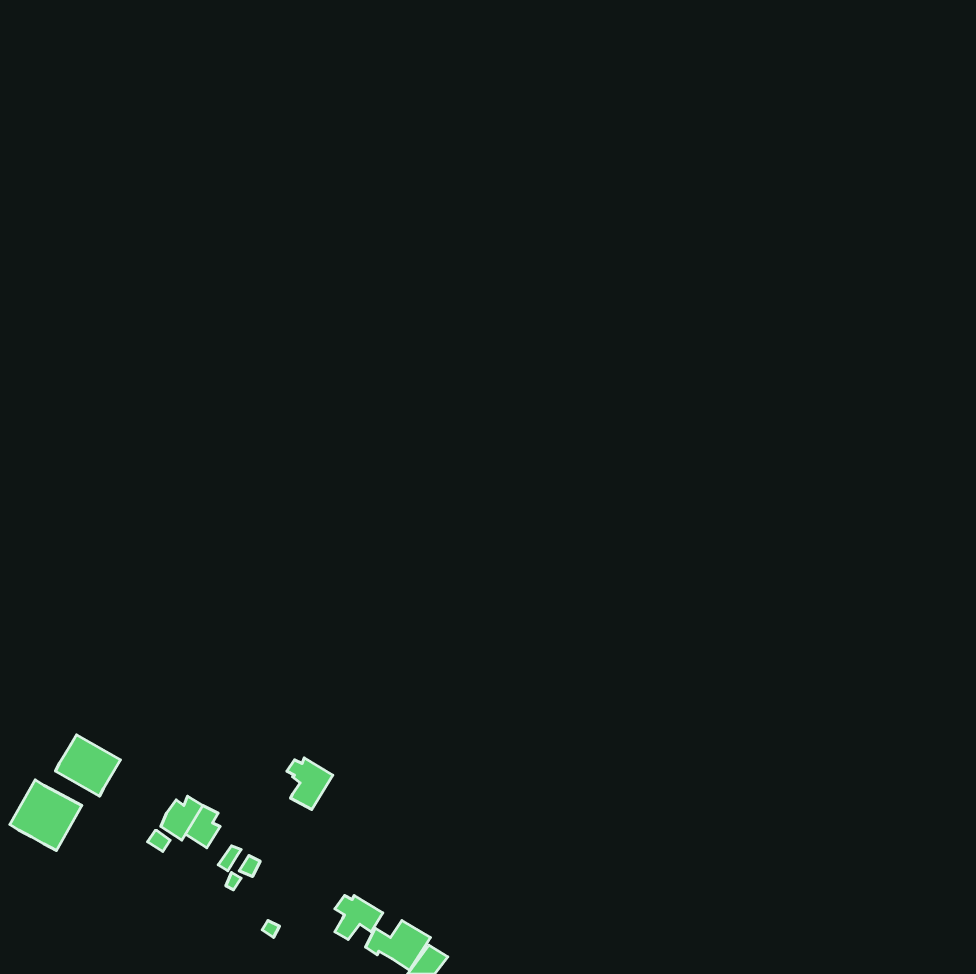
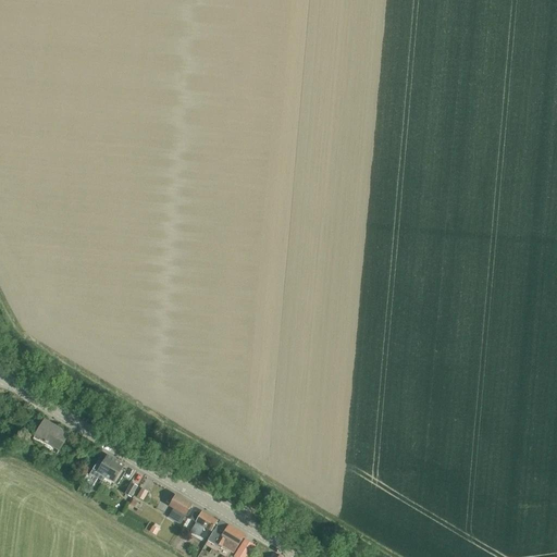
building: [287,758,333,810] -> [165,493,191,522]
building: [10,780,82,850] -> none

